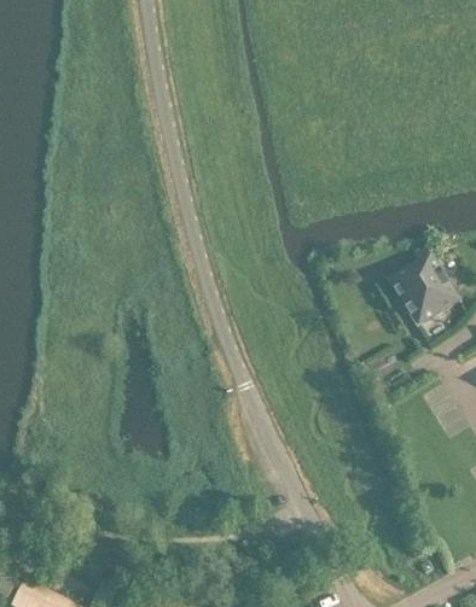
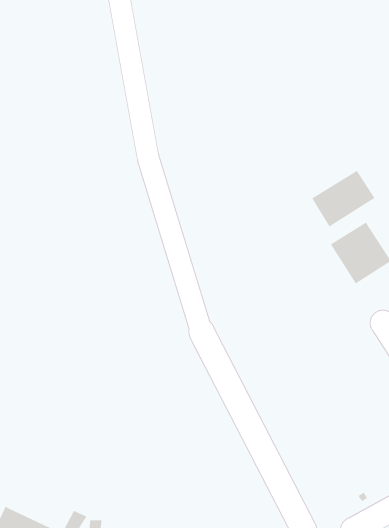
building: none -> [311,170,376,227]

